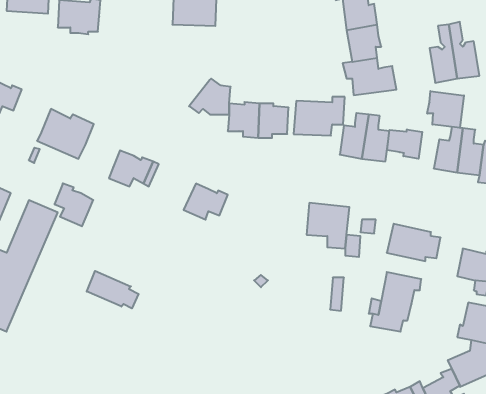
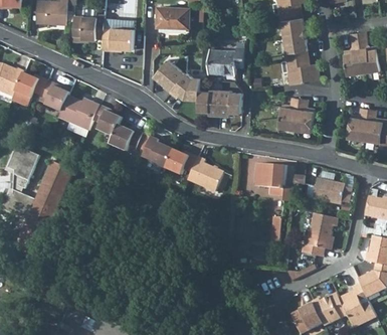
building: none -> [102,27,133,50]
building: none -> [153,59,183,93]
building: none -> [40,80,68,112]
building: [427,91,464,128] -> none
building: [294,97,345,136] -> [207,46,244,74]
building: [387,129,422,159] -> none
building: none -> [142,137,173,168]
building: [54,183,93,226] -> [92,106,121,137]
building: none -> [187,157,223,192]
building: [87,271,139,308] -> none

